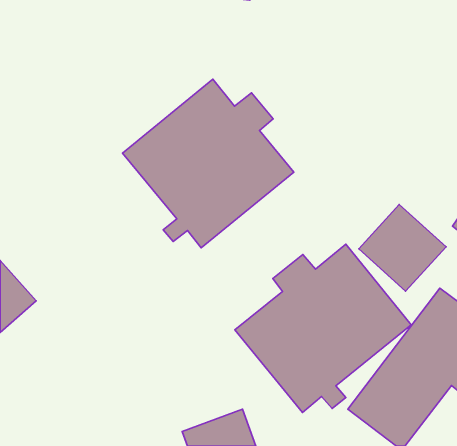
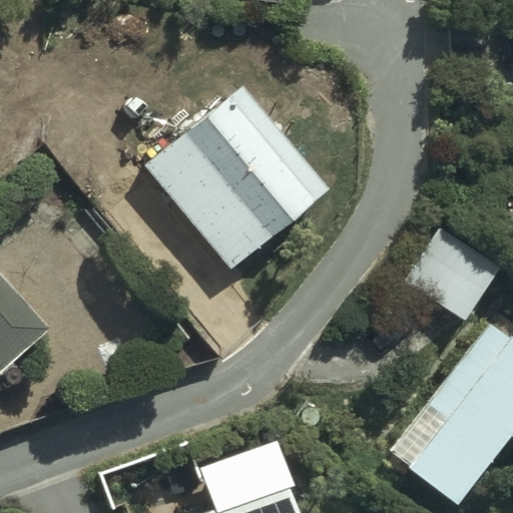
building: [235,244,411,412] -> none

